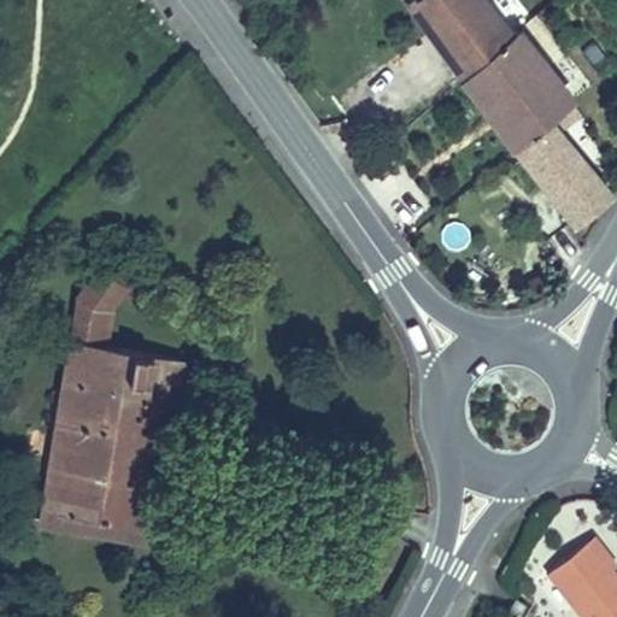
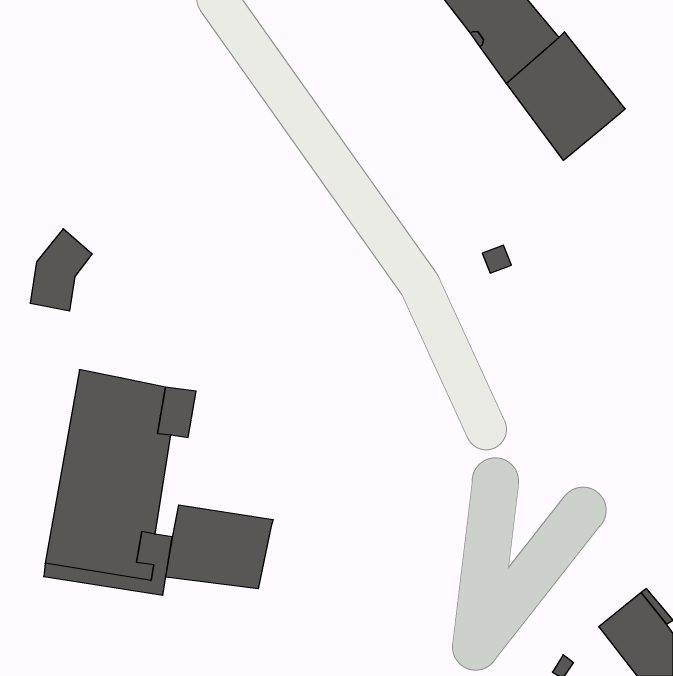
building: [512,118,607,223] -> none
building: [74,269,130,343] -> [30,229,92,311]
building: none -> [166,505,273,589]

